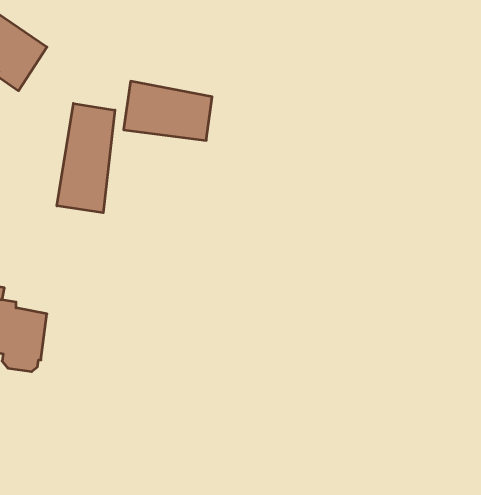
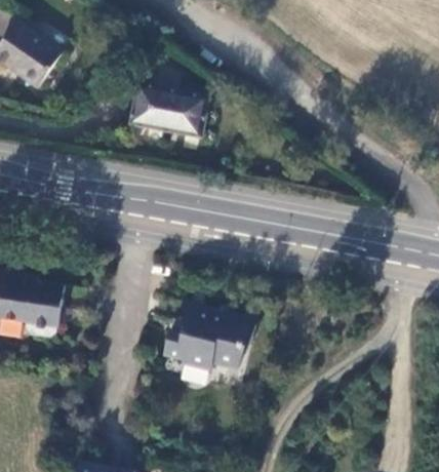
building: [57,103,115,213] -> none
building: none -> [161,304,252,369]

